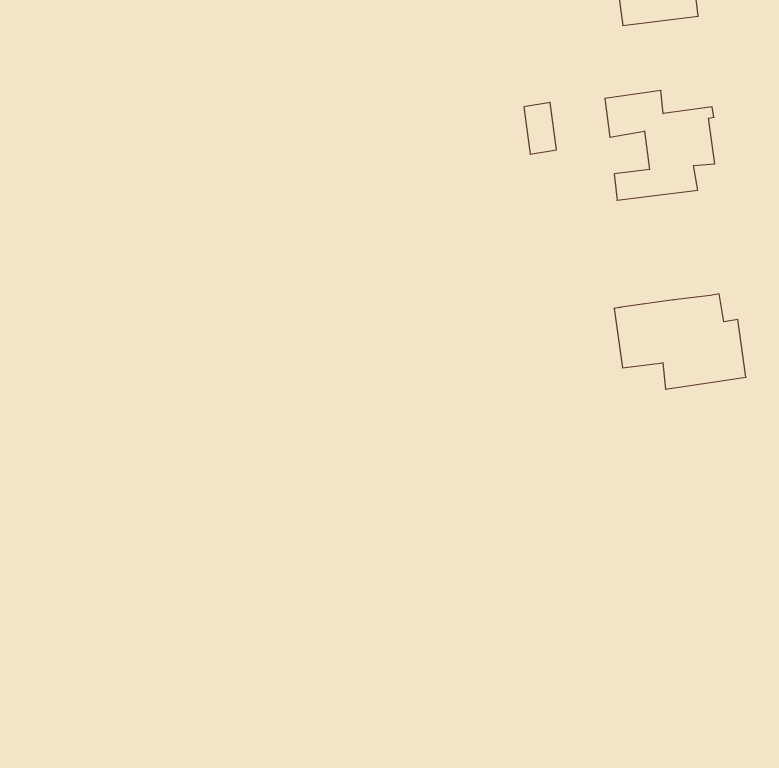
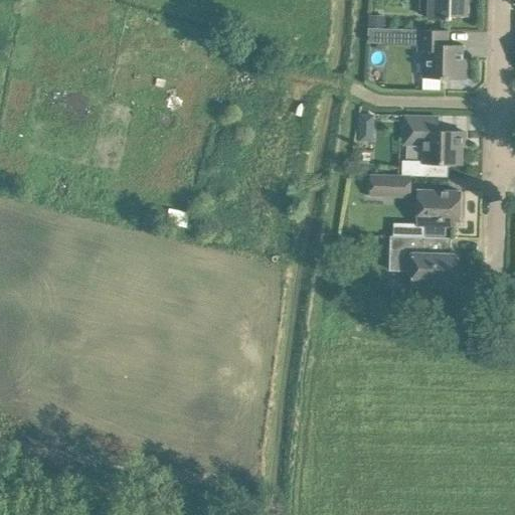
building: none -> [369,173,409,195]
building: none -> [416,189,460,234]

